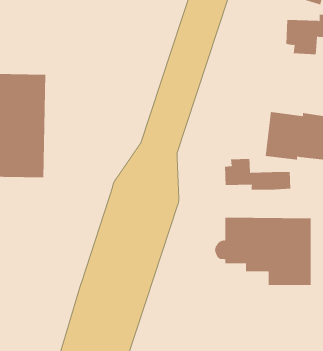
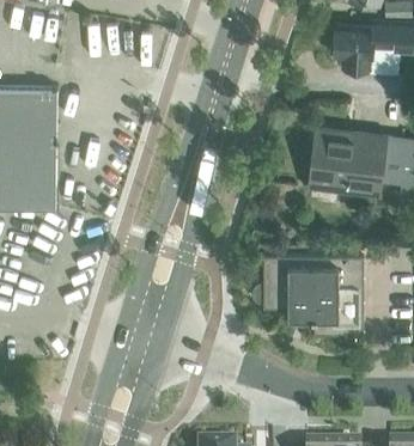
building: [225,158,291,190] -> none

